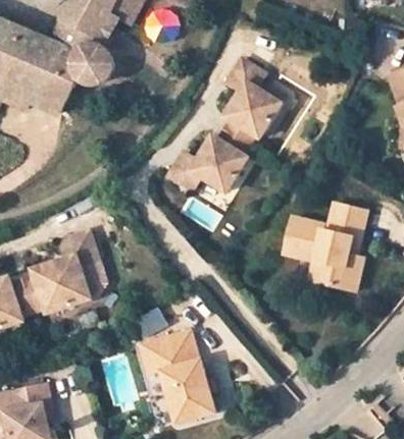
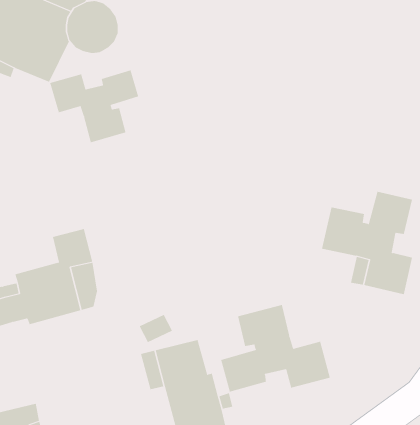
building: [166,47,290,195] -> none
building: none -> [50,70,139,143]
building: none -> [221,304,331,392]

